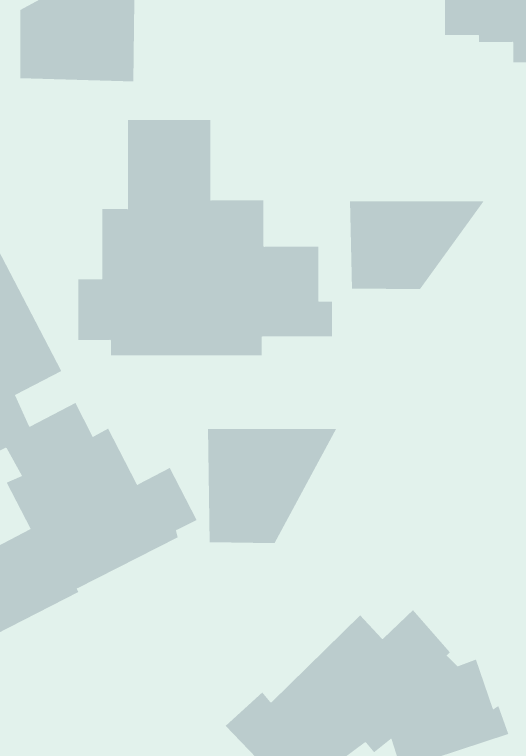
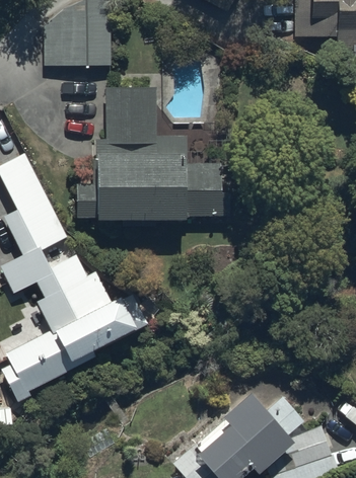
building: [350,200,485,290] -> none
building: [207,428,337,544] -> none

